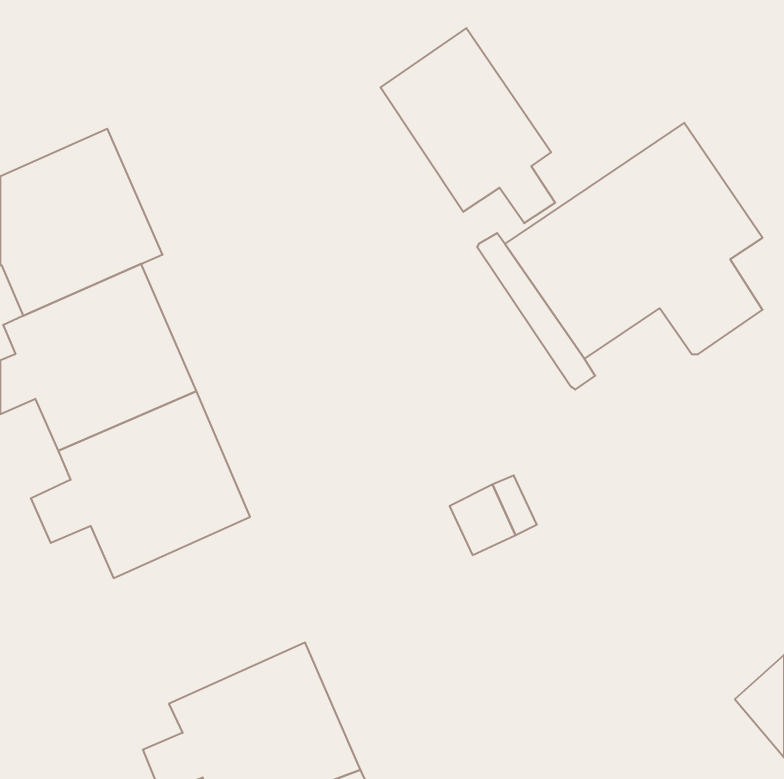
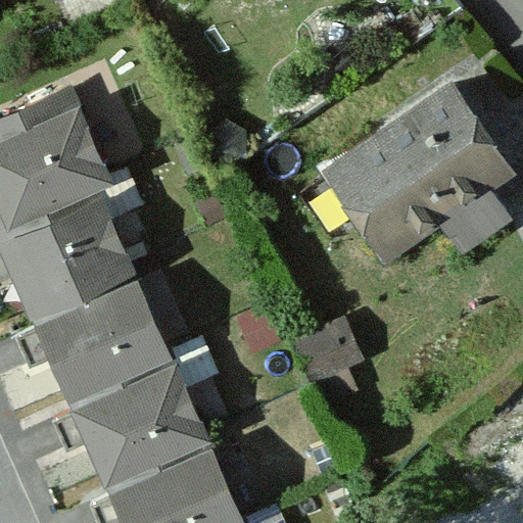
building: [381,28,555,223] -> none
building: none -> [58,347,203,472]

